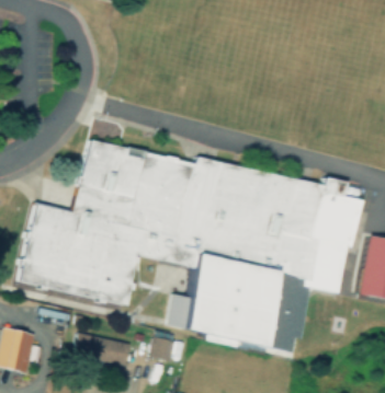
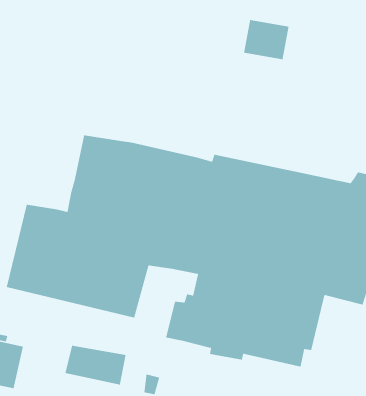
building: none -> [243,19,289,60]
building: [148,328,177,360] -> none

